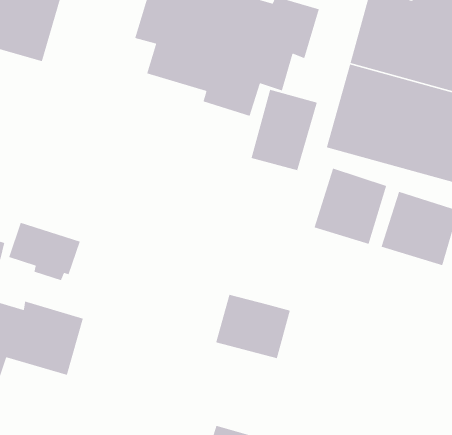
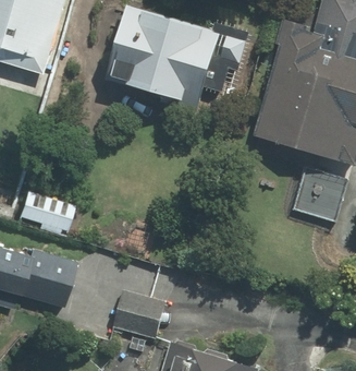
building: [251,89,318,171] -> none
building: [314,168,387,245] -> none
building: [215,294,291,359] -> [111,289,167,337]

